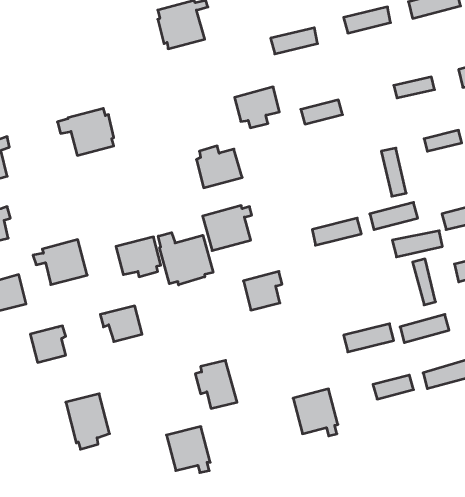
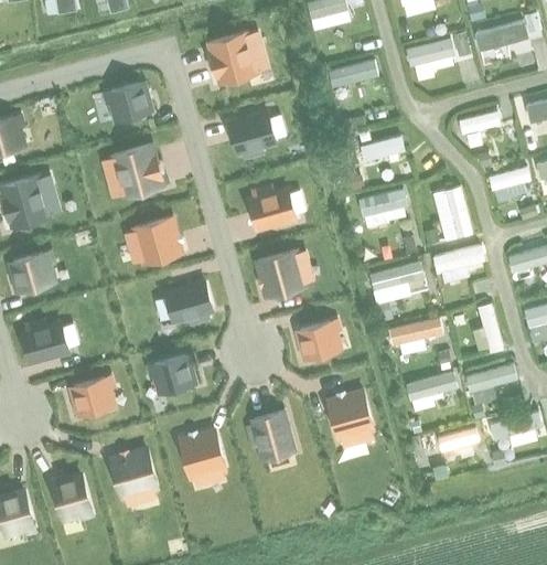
building: none -> [104,83,148,119]
building: [235,87,279,128] -> [227,113,275,156]
building: none -> [360,190,406,218]
building: [392,231,442,257] -> [389,319,442,347]
building: [158,233,213,285] -> none
building: [33,240,87,285] -> [126,215,183,263]
building: [293,389,338,436] -> [325,390,373,439]
building: none -> [51,472,93,519]
building: [166,427,210,473] -> [180,430,226,479]

